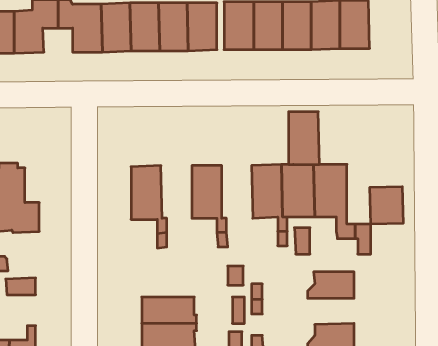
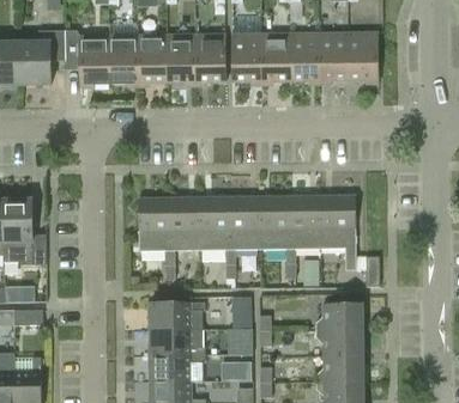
building: [289,112,320,164] -> [229,197,260,250]
building: none -> [168,197,199,250]
building: [370,187,403,224] -> none
building: none -> [149,303,204,329]
building: none -> [315,330,362,356]

